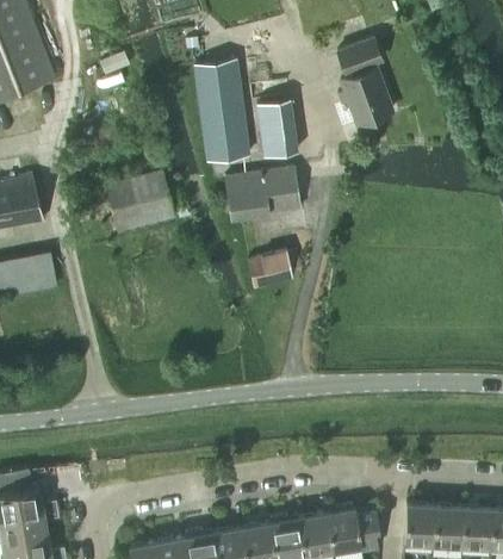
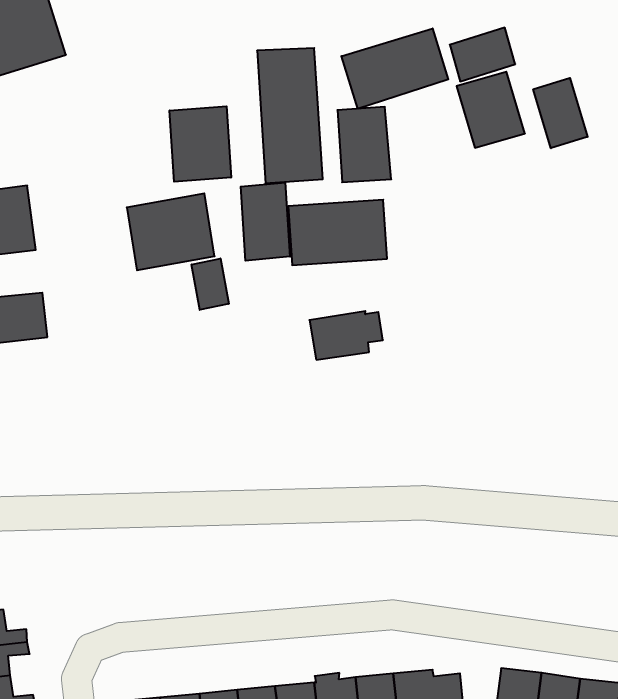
building: none -> [341,28,448,109]
building: none -> [533,78,588,148]
building: none -> [170,106,231,182]
building: none -> [241,182,290,261]
building: none -> [192,258,229,310]

